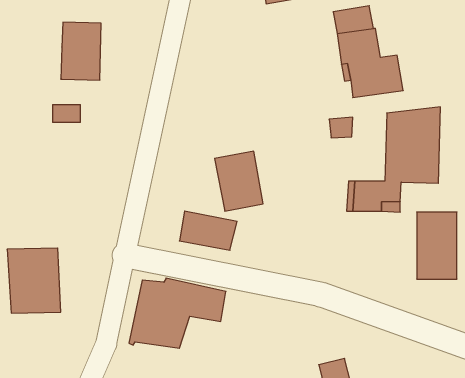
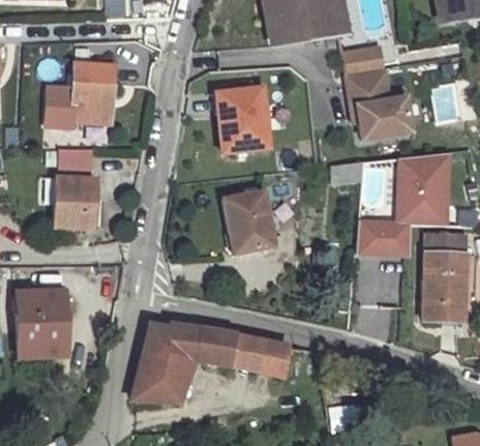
building: none -> [44,89,71,127]
building: none -> [219,89,270,154]
building: none -> [52,175,92,226]
building: none -> [427,234,468,255]
building: [179,211,237,250] -> [231,334,289,374]

